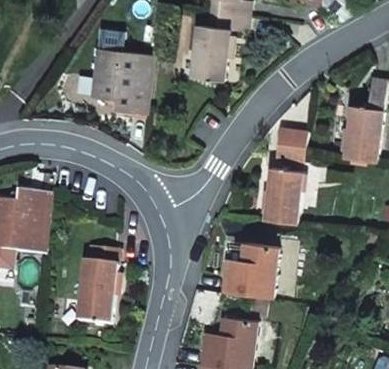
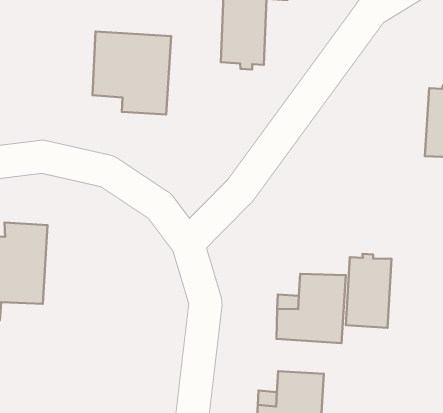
building: [274,129,306,161] -> none
building: [264,166,302,224] -> [346,254,391,328]
building: [77,246,118,324] -> none

